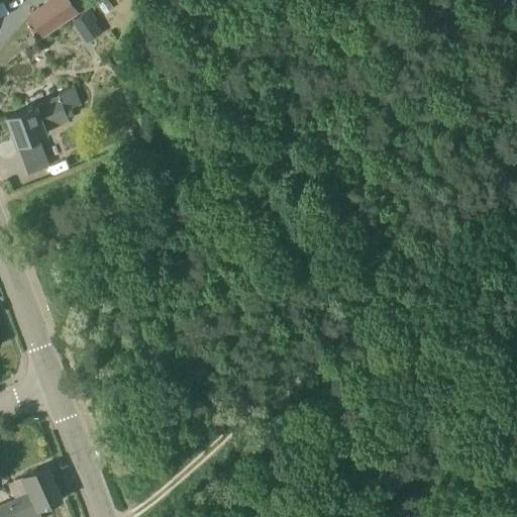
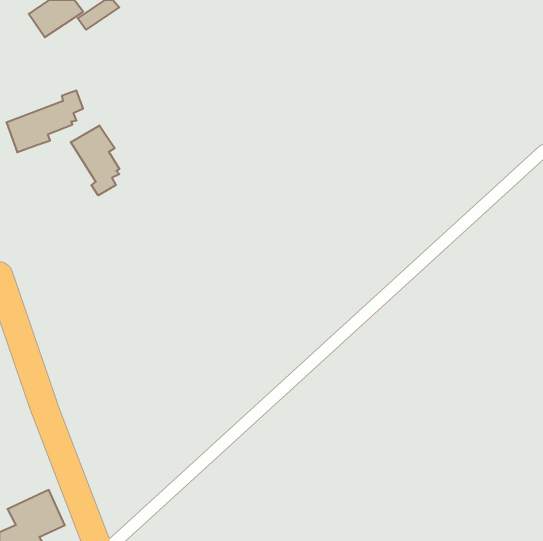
building: none -> [71,125,119,195]
building: [18,145,46,177] -> none

